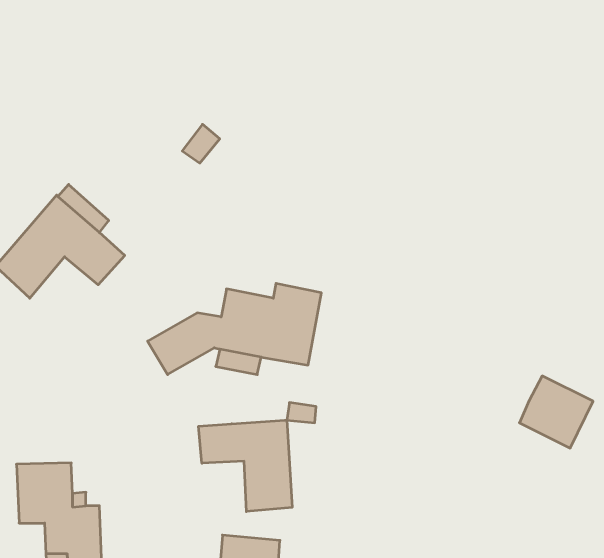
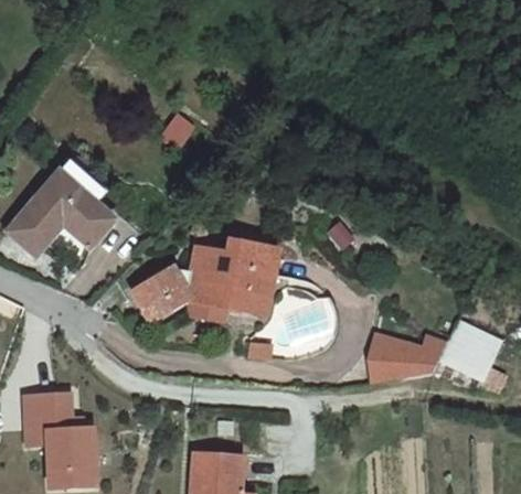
building: none -> [371,335,447,383]
building: [199,420,292,512] -> none

